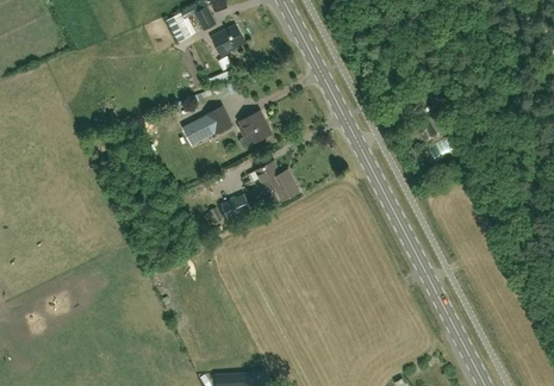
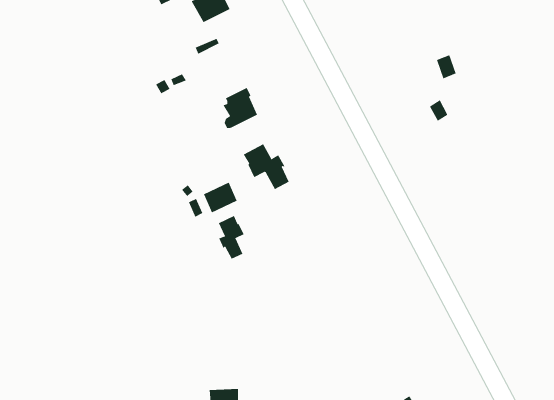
building: [182,107,231,147] -> none
building: none -> [218,215,244,260]

